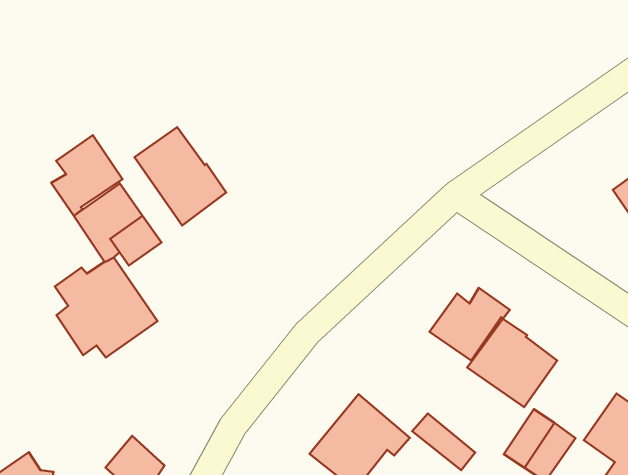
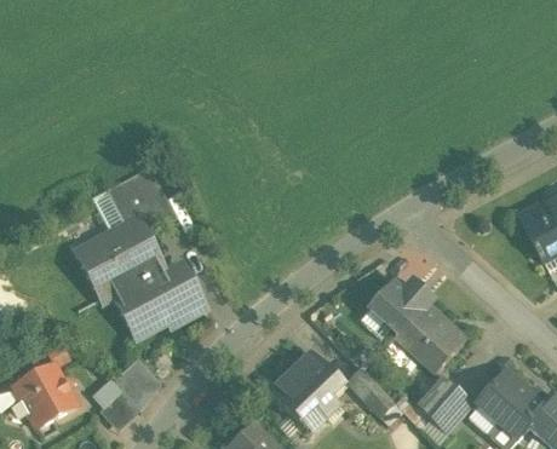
building: [135,127,226,226] -> none
building: [51,135,123,216] -> none
building: none -> [121,267,201,329]

